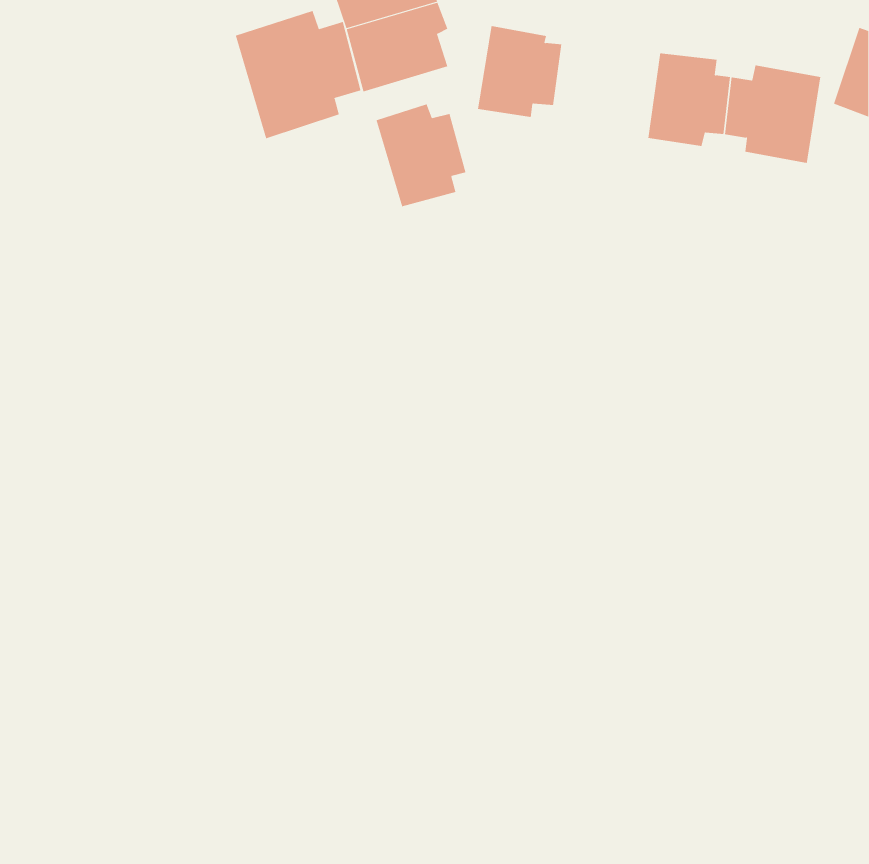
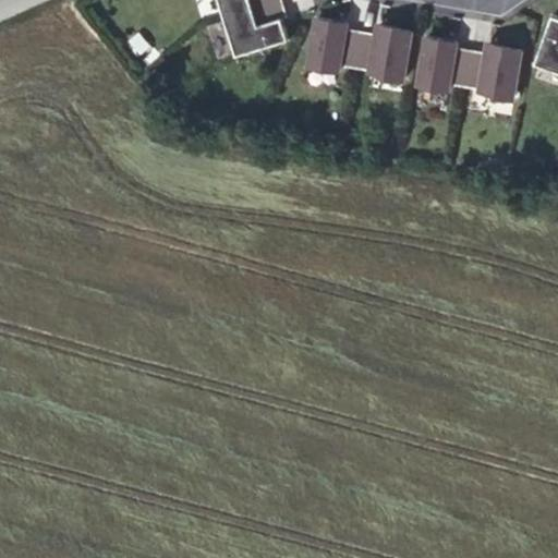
building: [235,10,361,139] -> none
building: none -> [354,25,412,85]
building: [376,104,466,207] -> none

